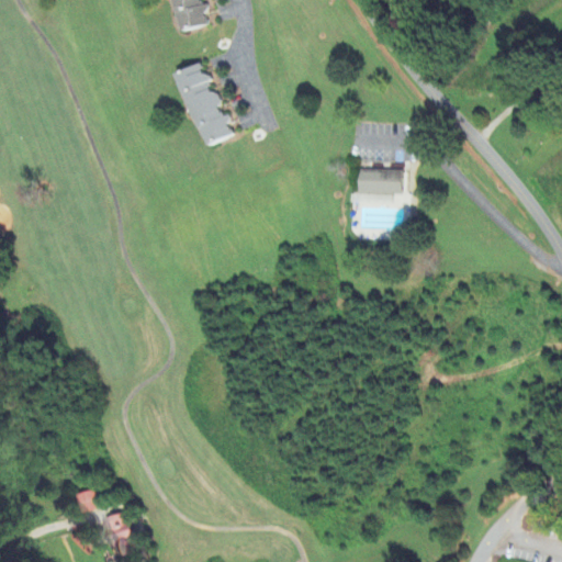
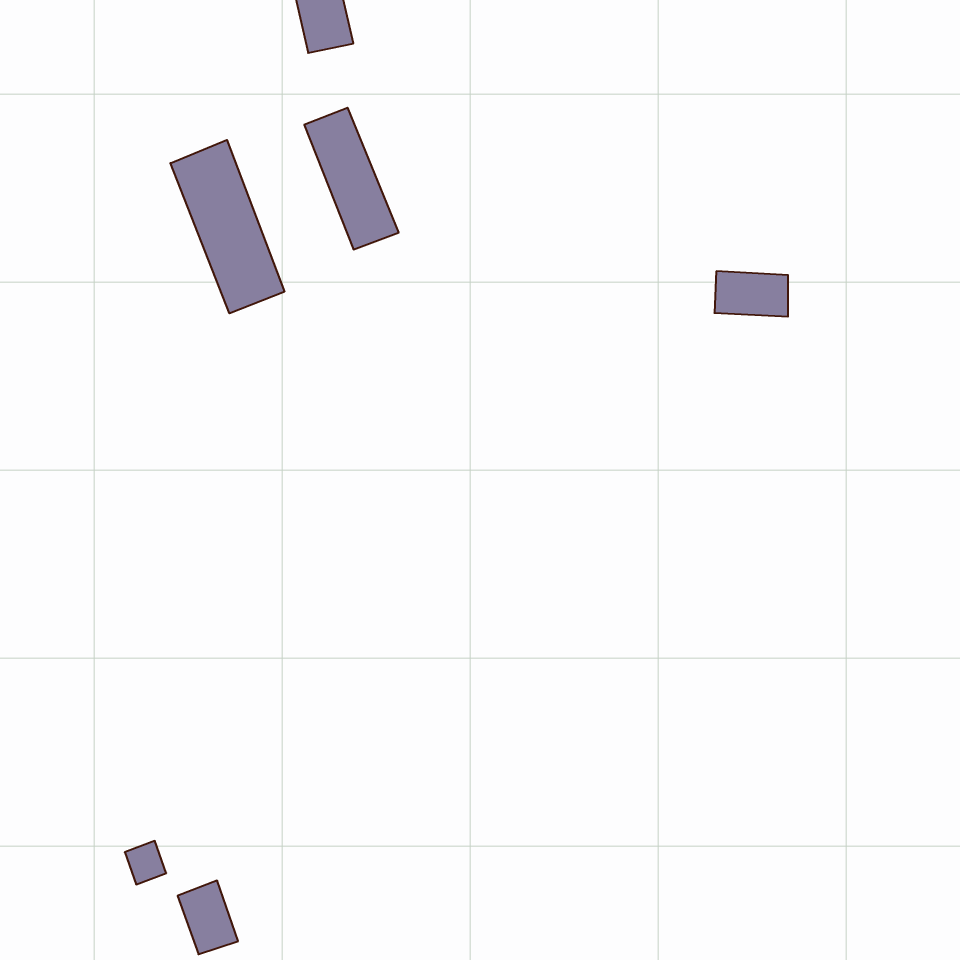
building: none -> [170,140,284,313]
building: [358,168,401,194] -> [714,271,788,317]

